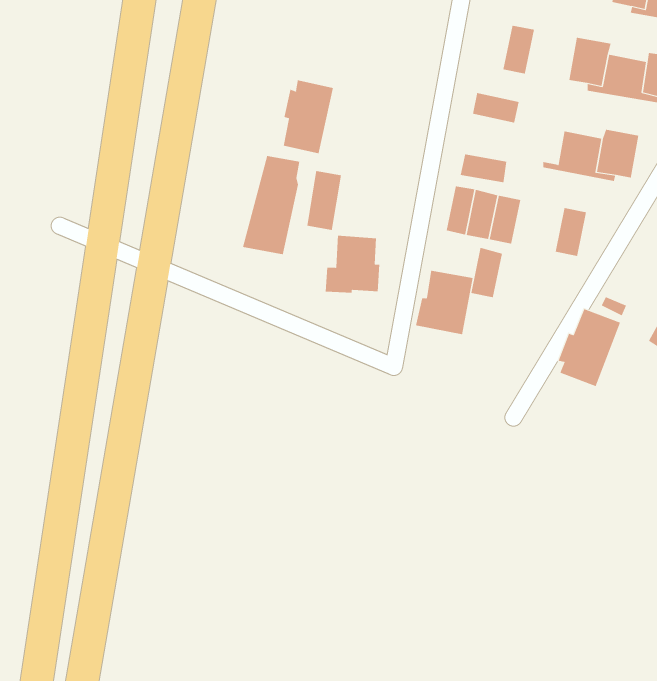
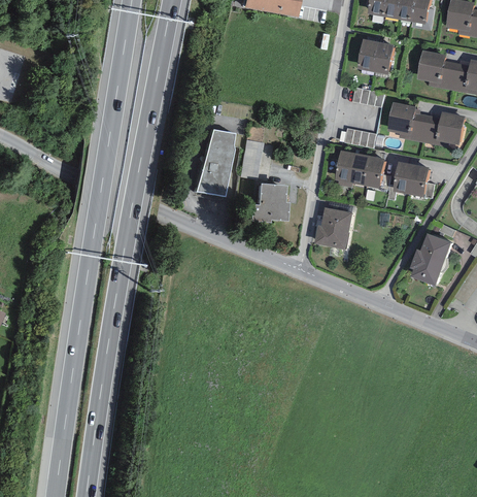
building: none -> [355,38,378,71]
building: [283,79,333,154] -> none
building: none -> [386,101,415,135]
building: [471,247,503,298] -> [391,160,413,194]

